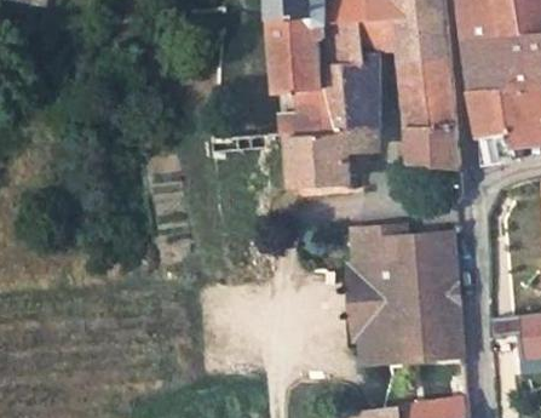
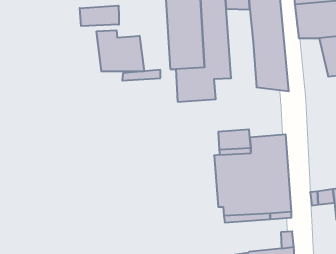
building: none -> [80,6,119,26]
building: none -> [97,30,144,71]
building: [470,91,517,166] -> none

